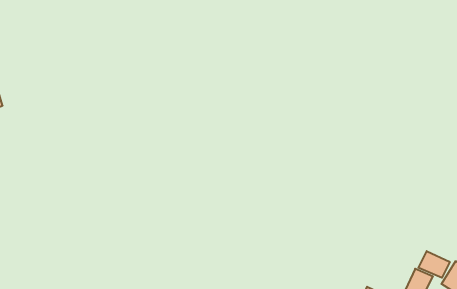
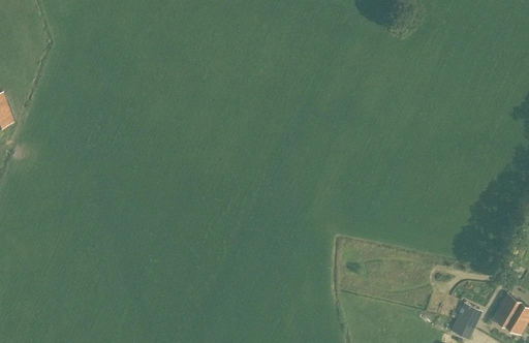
building: [418,251,450,278] -> none

